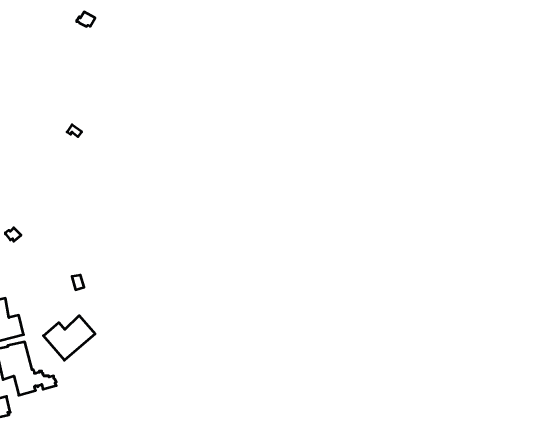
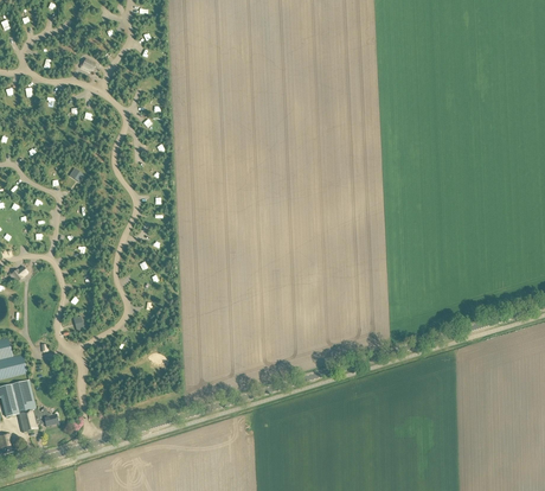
building: [43,316,95,360] -> none

